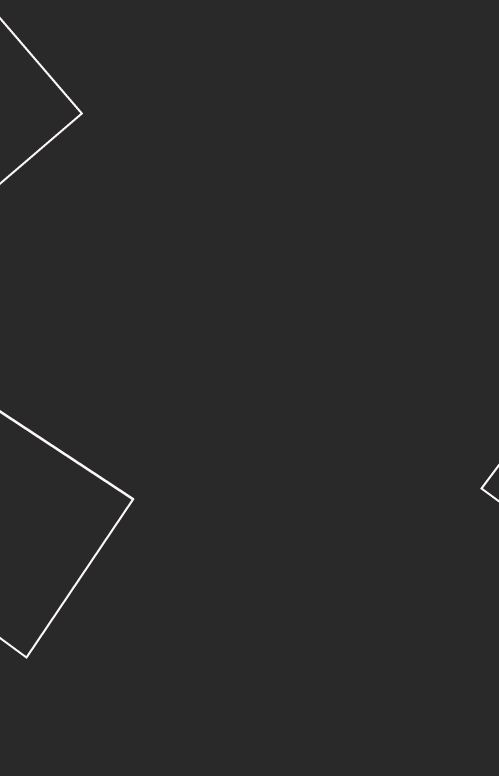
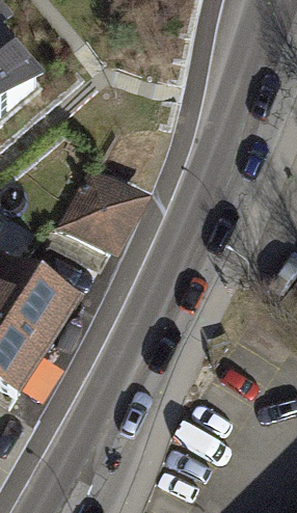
building: none -> [58,167,138,248]

